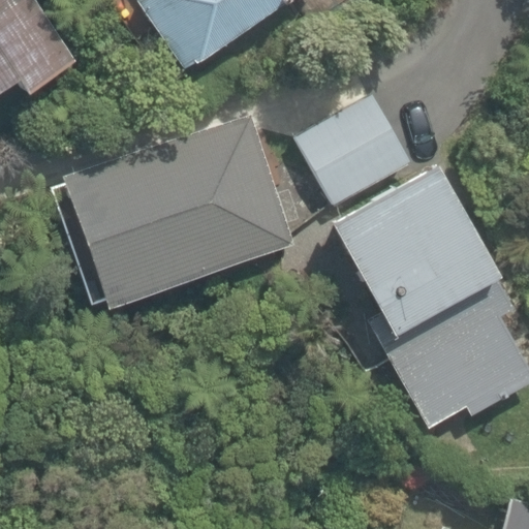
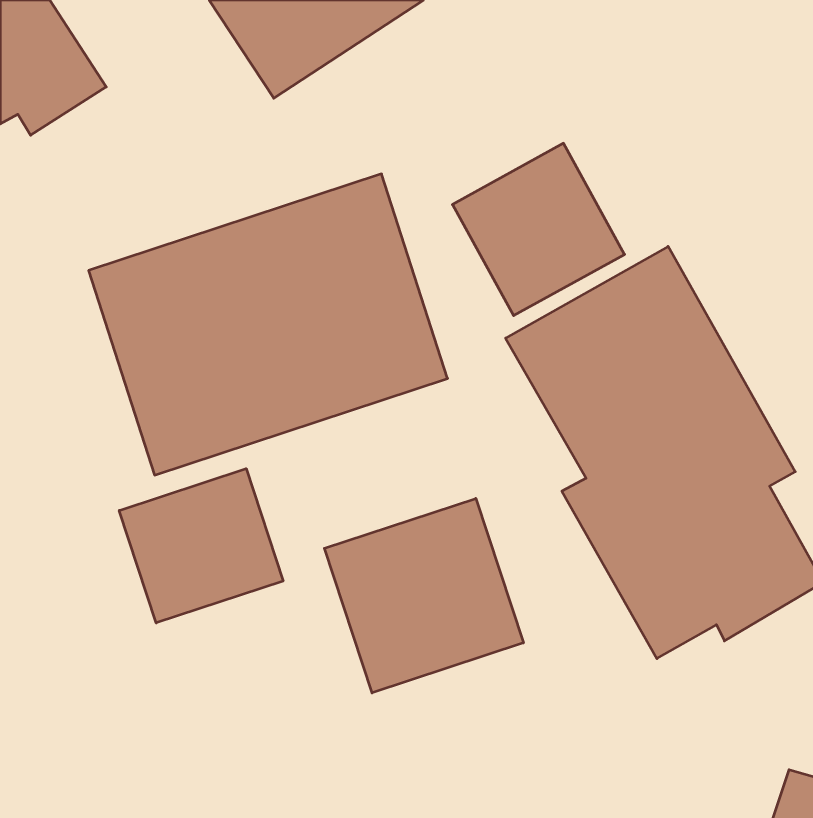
building: none -> [119,469,283,623]
building: none -> [324,498,523,693]

